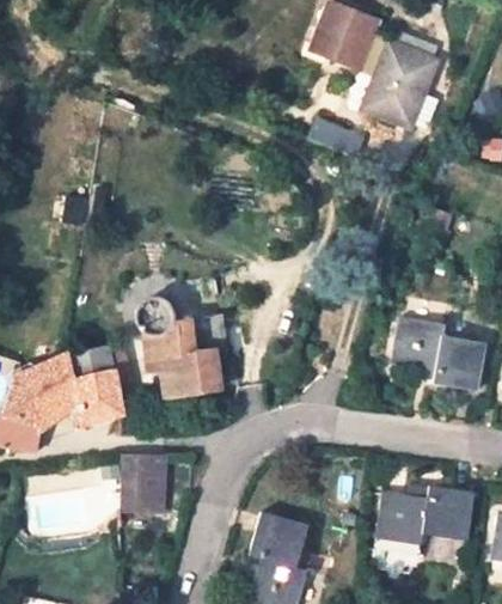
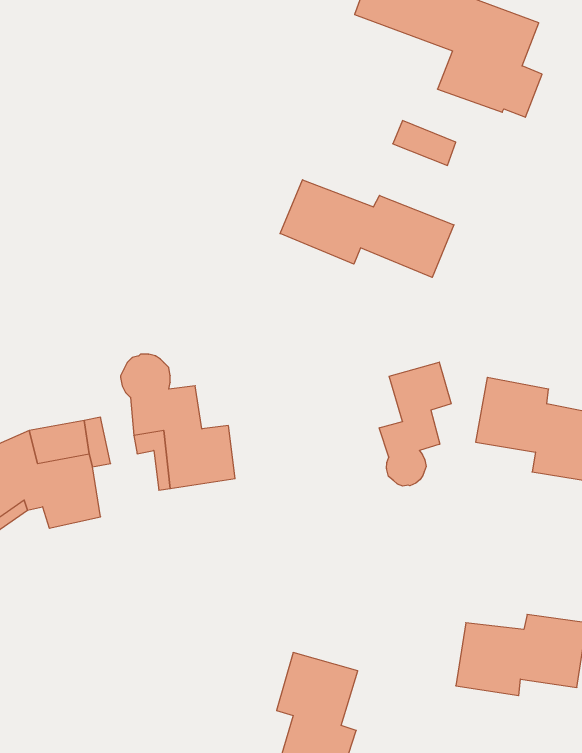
building: none -> [280,180,454,277]
building: none -> [379,362,451,486]
building: [122,453,166,510] -> none

